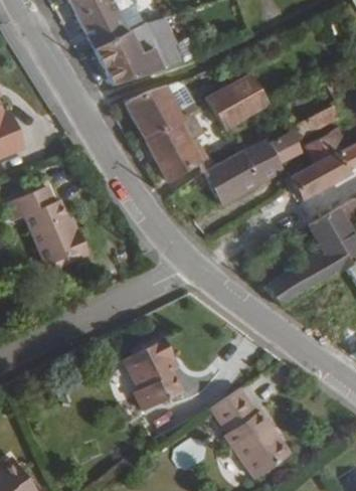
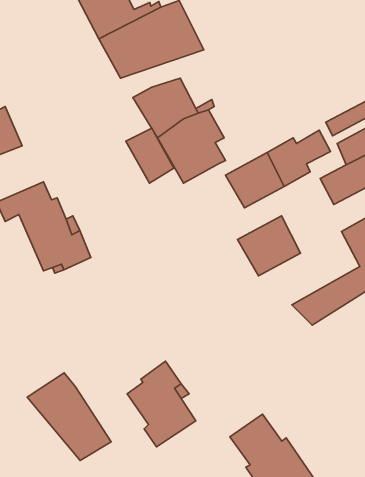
building: [205,75,270,131] -> none
building: none -> [126,128,174,183]
building: none -> [237,216,300,276]
building: none -> [27,373,111,461]

